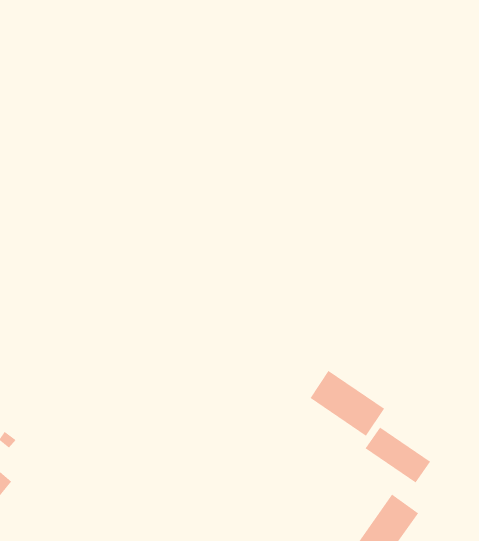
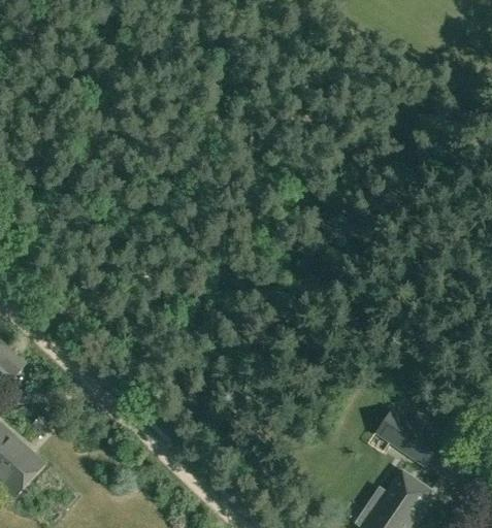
building: [309,370,385,437] -> none

